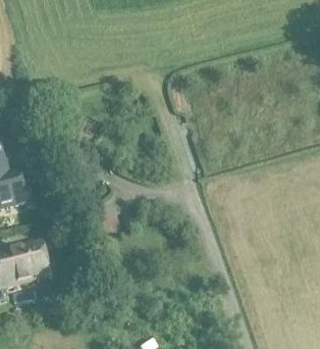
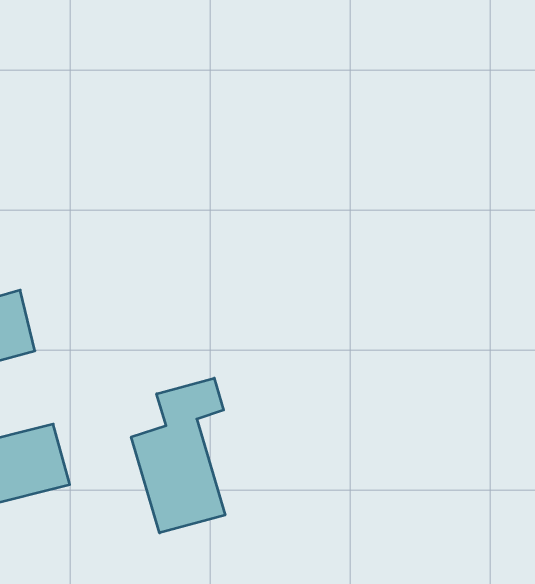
building: none -> [131,378,225,533]

